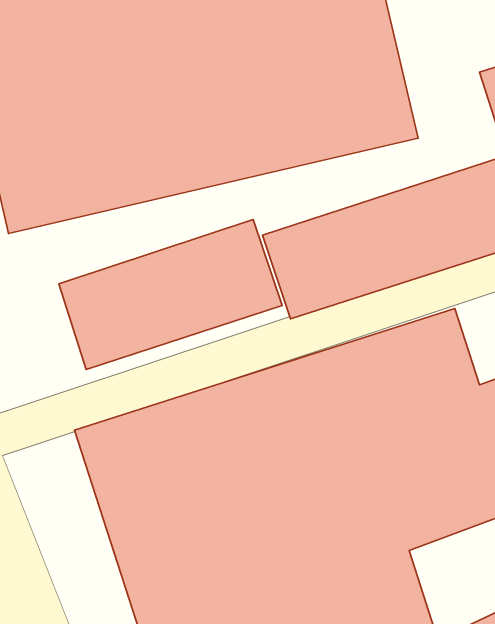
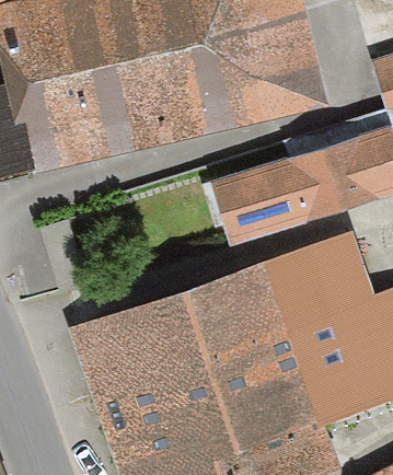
building: [59,220,282,369] -> none

